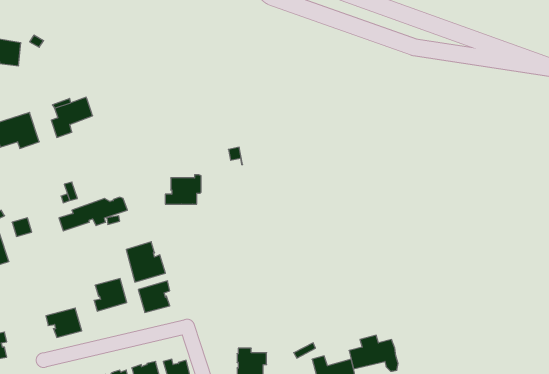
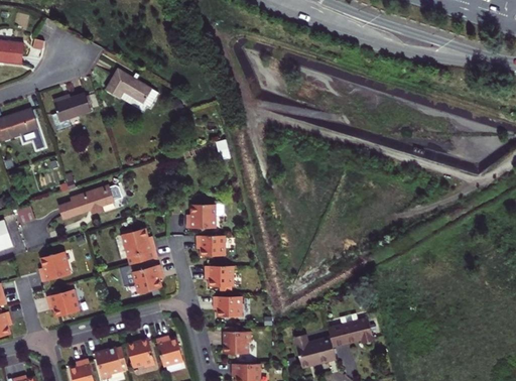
building: none -> [105,69,158,111]
building: [165,175,201,204] -> [185,201,219,228]
building: none -> [196,236,224,256]
building: [94,279,127,311] -> [39,252,70,282]
building: none -> [204,266,233,291]
building: none -> [213,296,241,316]

